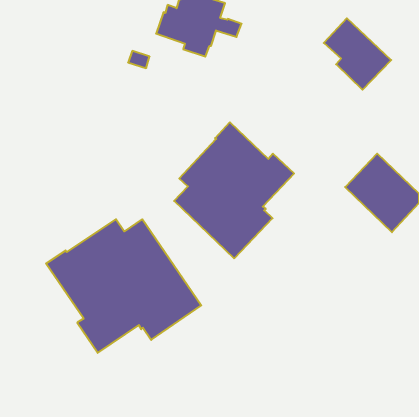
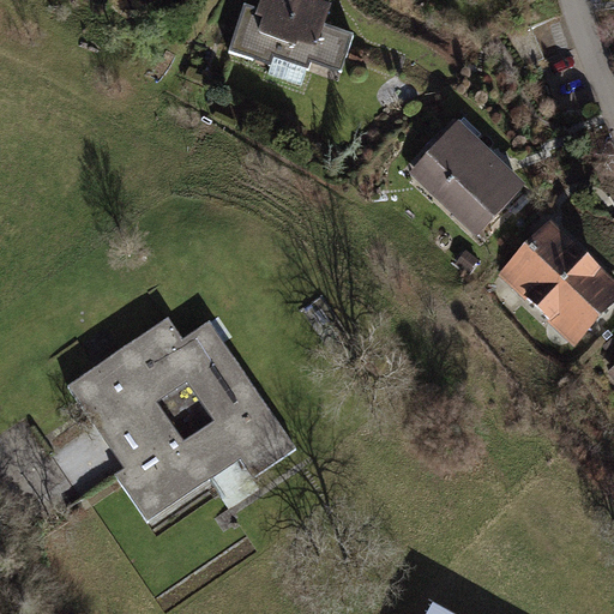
building: [324,18,391,90] -> [421,126,519,230]
building: [174,122,294,258] -> none

